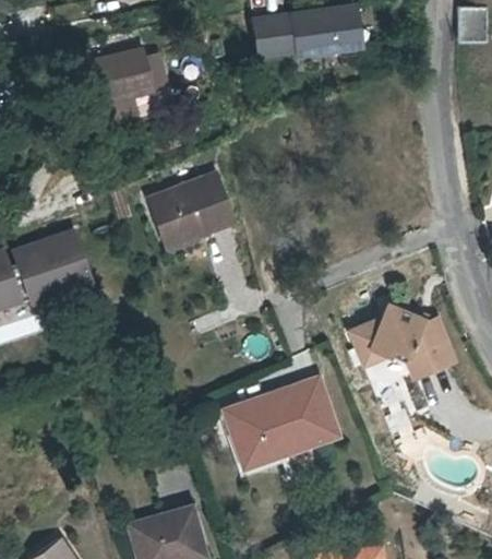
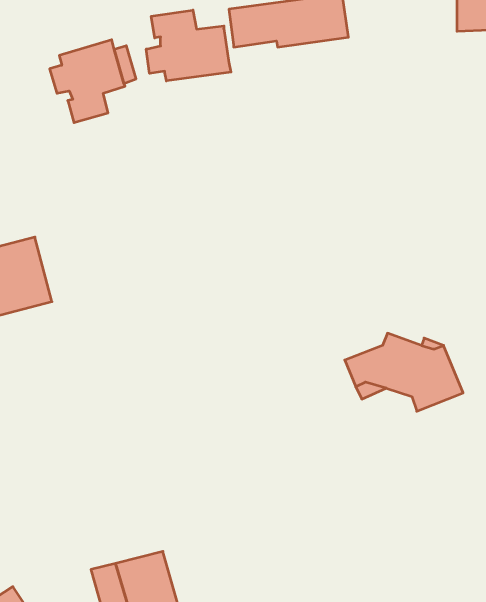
building: none -> [146,10,231,81]
building: [148,176,232,250] -> none
building: [224,374,347,472] -> none

